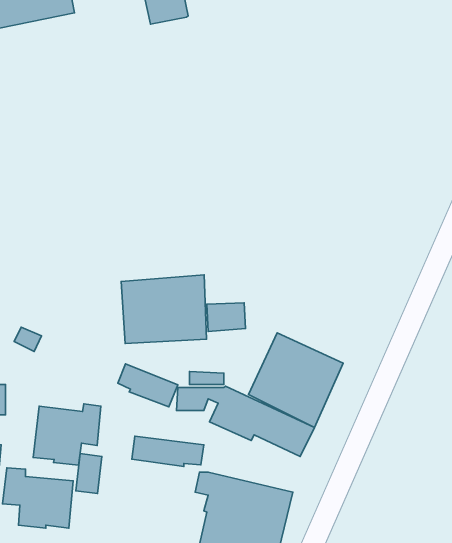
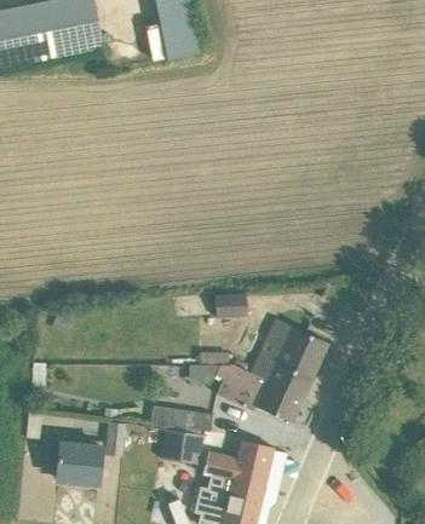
building: [121,275,207,343] -> none
building: [118,364,178,407] -> none
building: [33,404,101,465] -> none
building: none -> [159,428,202,462]

